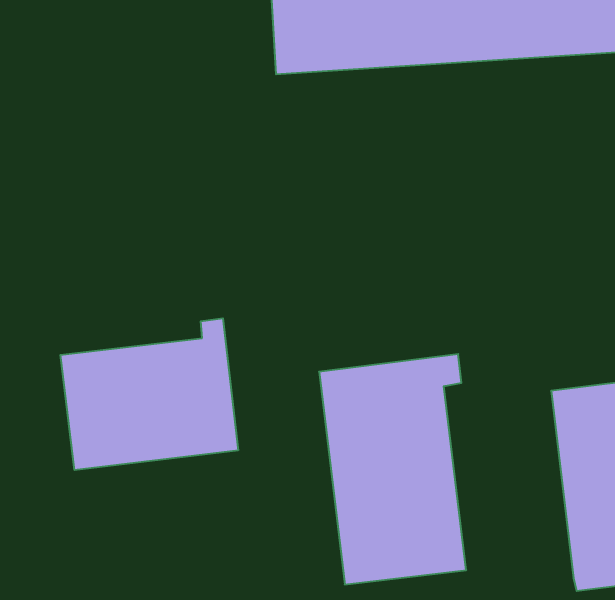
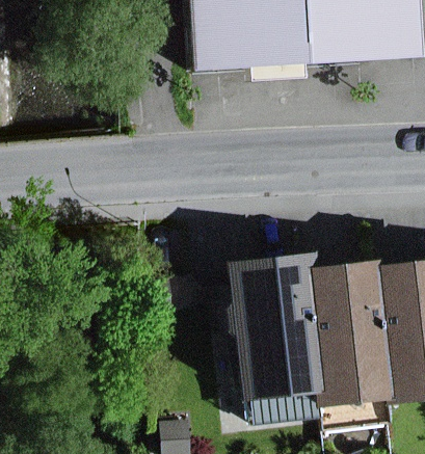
building: [60,318,238,470] -> none
building: none -> [306,263,390,404]

